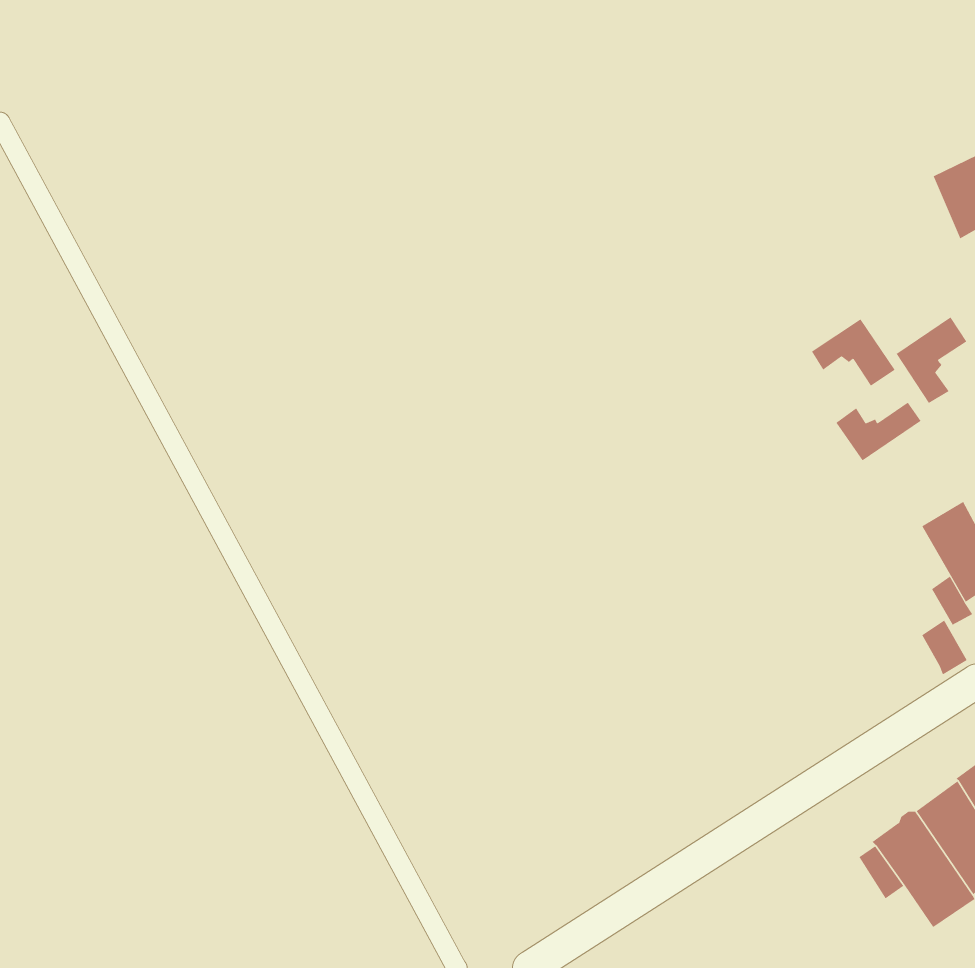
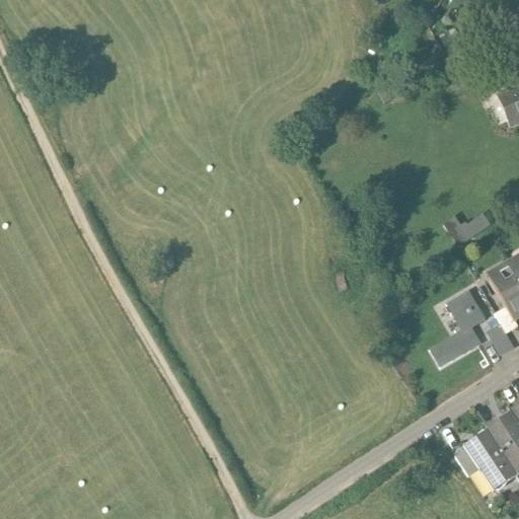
building: [896,317,967,404] -> none
building: [811,318,896,387] -> none
building: none -> [432,289,484,364]

